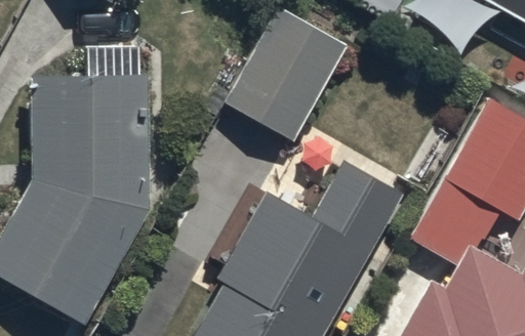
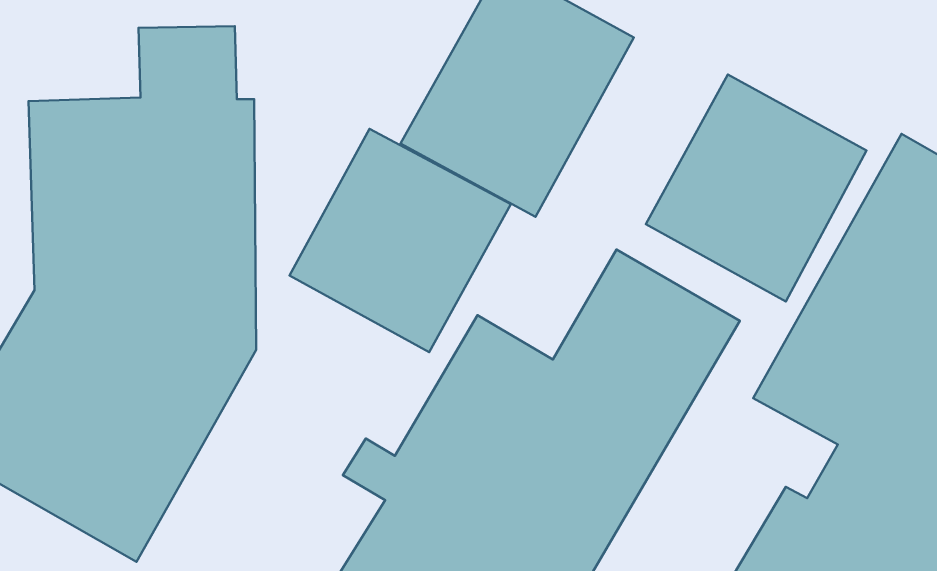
building: none -> [646,75,867,301]
building: none -> [289,129,511,352]

